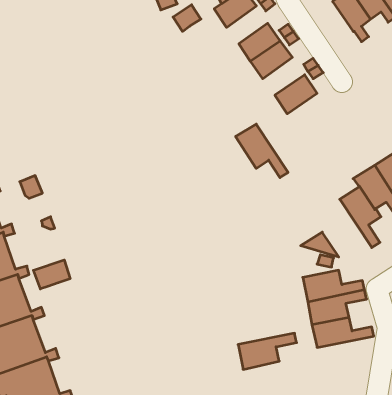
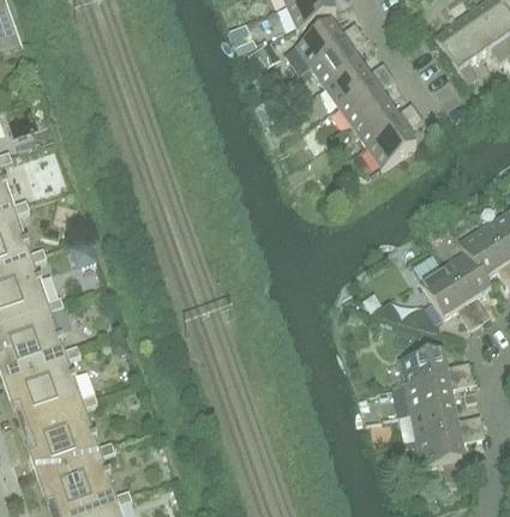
building: none -> [310,41,358,85]
building: none -> [352,101,401,145]
building: [236,124,288,178] -> [418,266,479,329]
building: [33,260,70,289] -> none
building: [238,333,297,369] -> [415,426,484,468]

